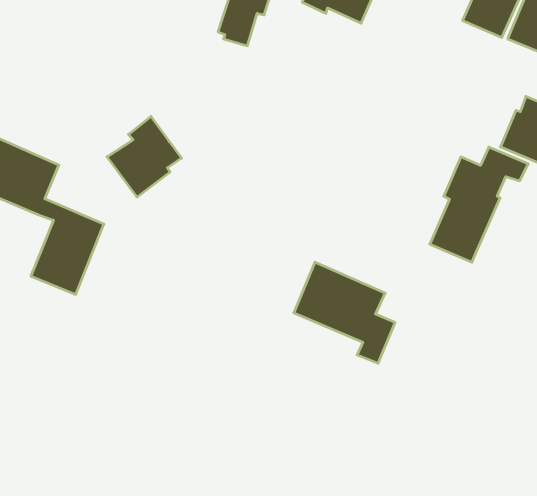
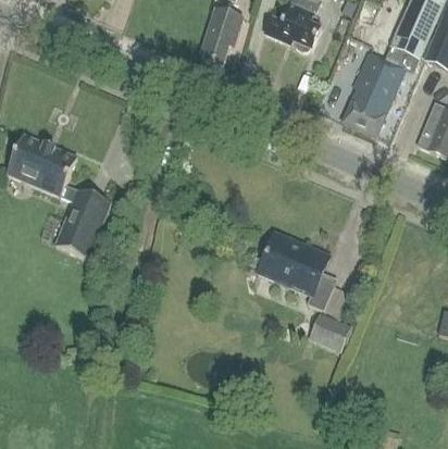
building: [107,116,182,197] -> none
building: [430,147,528,262] -> [344,46,420,135]
building: none -> [309,312,352,352]

